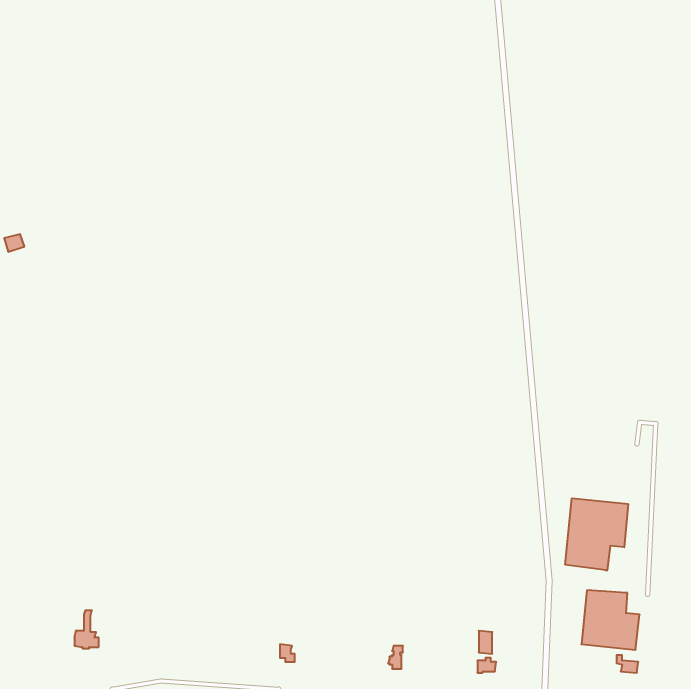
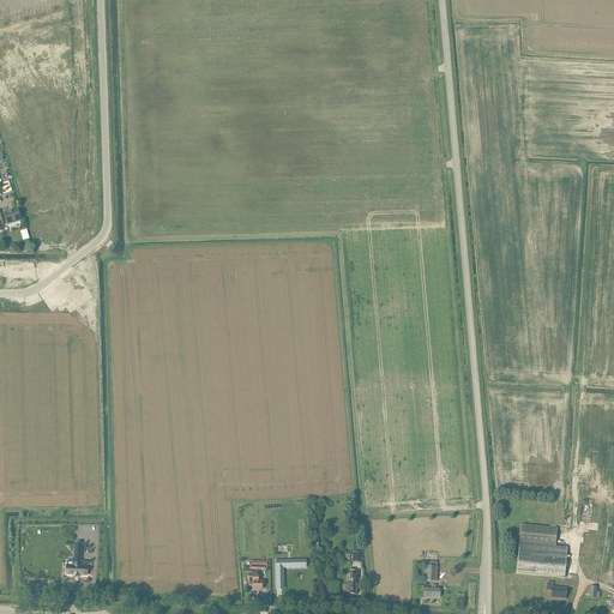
building: [565,498,628,571] -> none

